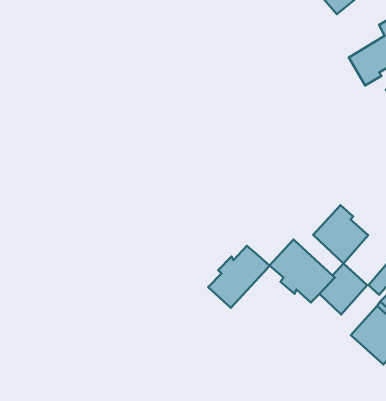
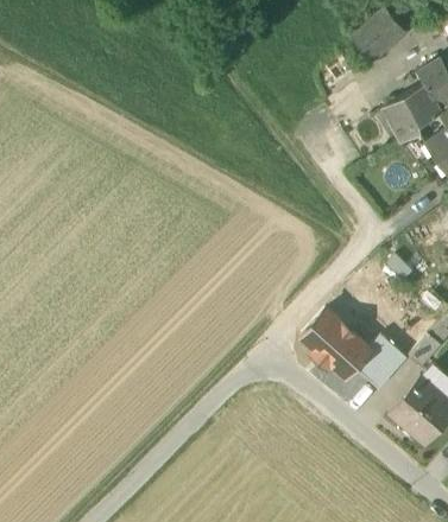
building: [313,205,368,263] -> none
building: [208,246,269,308] -> none

